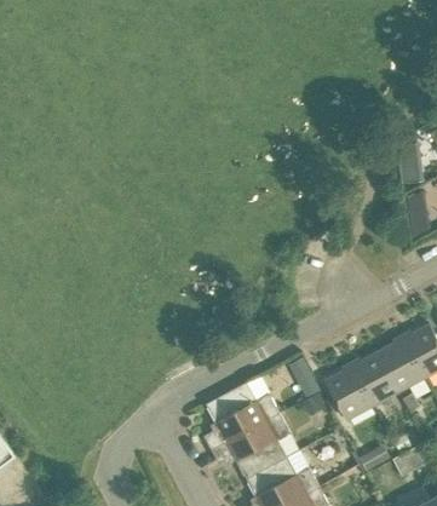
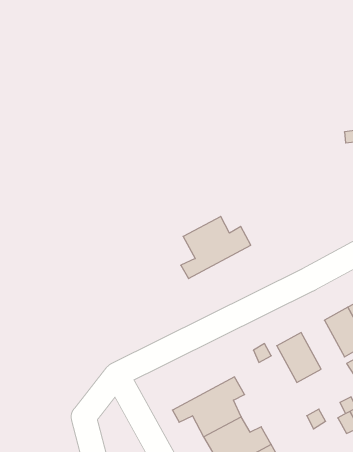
building: [352,352,399,406] -> none
building: [203,383,280,450] -> [181,216,251,279]

